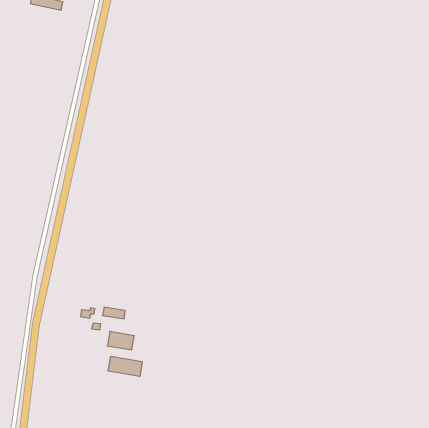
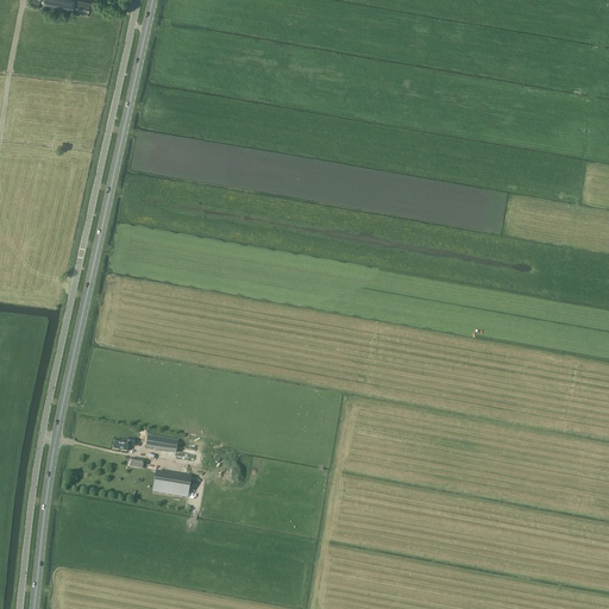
building: [108,356,142,377] -> none

